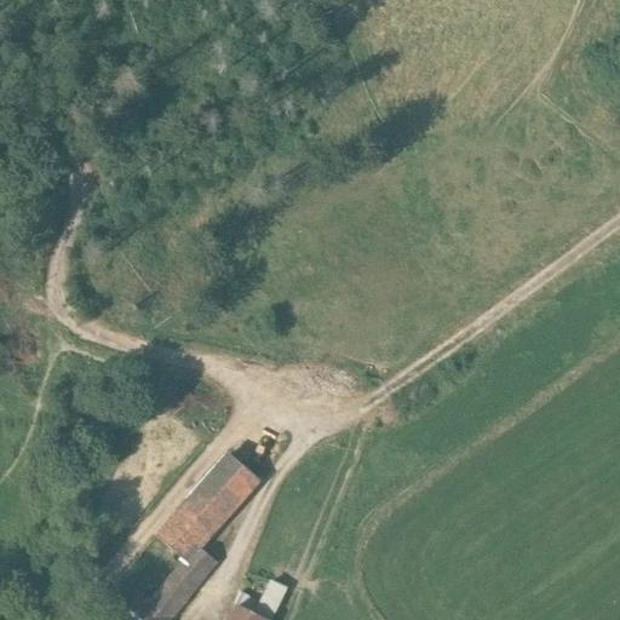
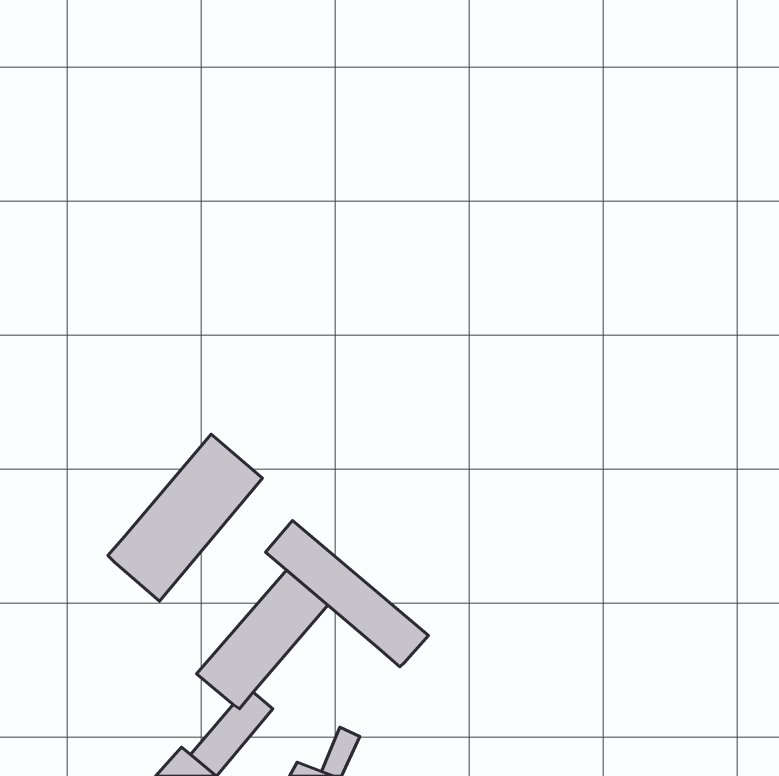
building: none -> [108,434,263,601]
building: none -> [266,521,429,667]

